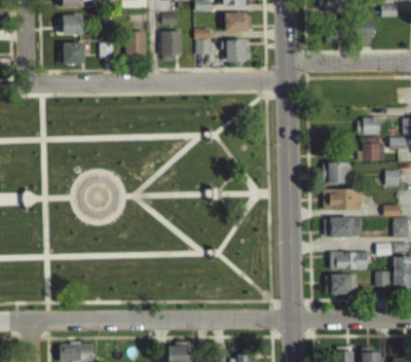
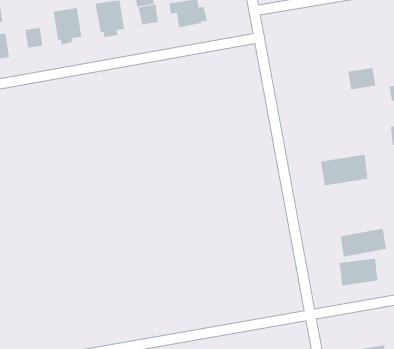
building: [357,139,384,161] -> none
building: [323,162,349,184] -> none
building: [324,217,361,238] -> none

